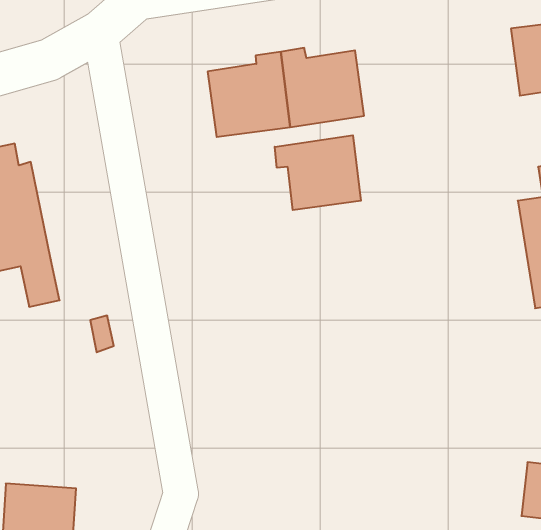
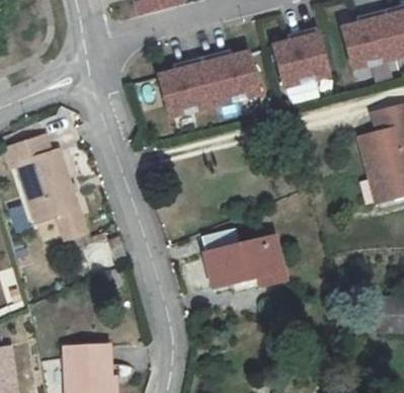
building: none -> [273,30,328,87]
building: [275,135,361,210] -> none
building: none -> [201,226,287,287]

